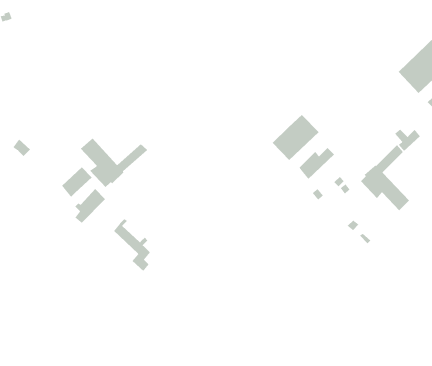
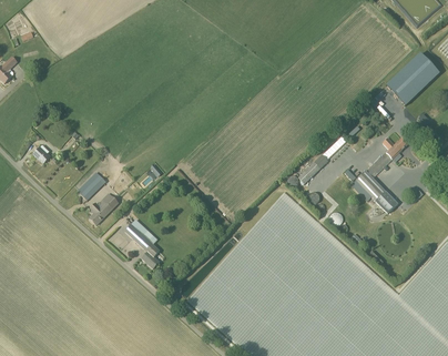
building: [272,114,319,161] -> none
building: [80,137,148,188] -> none

